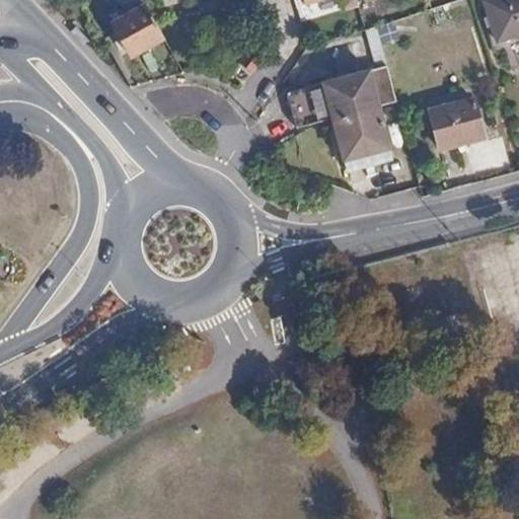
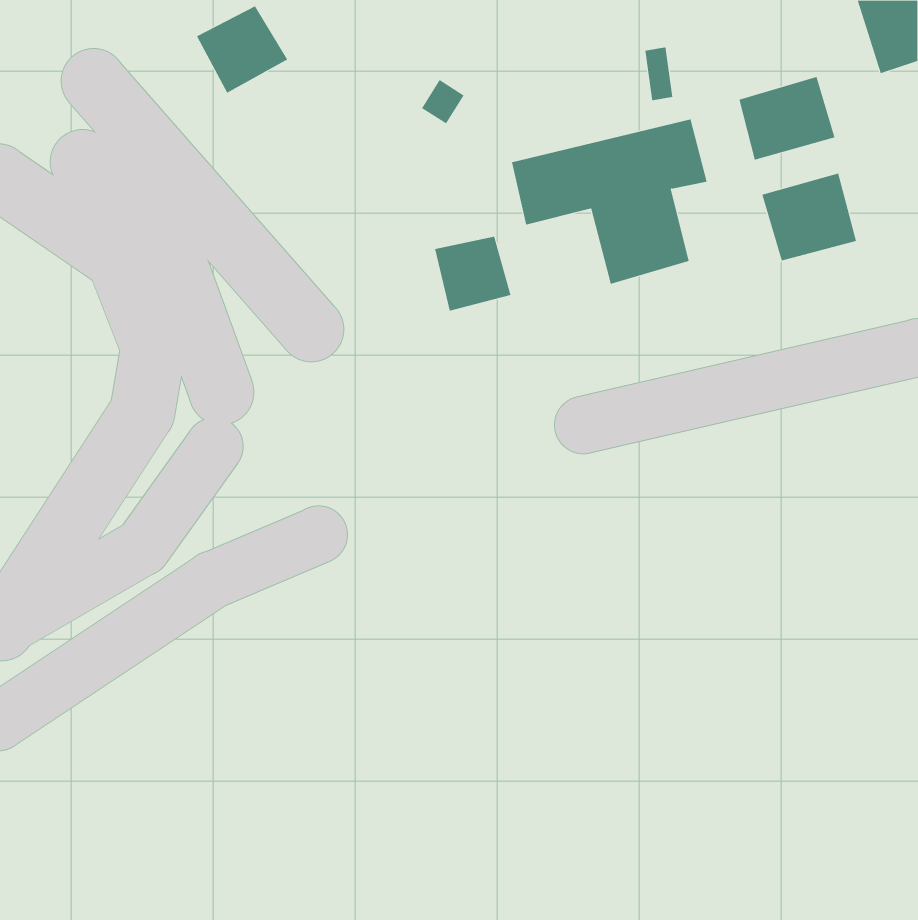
building: none -> [739,76,835,161]
building: none -> [435,236,511,312]

